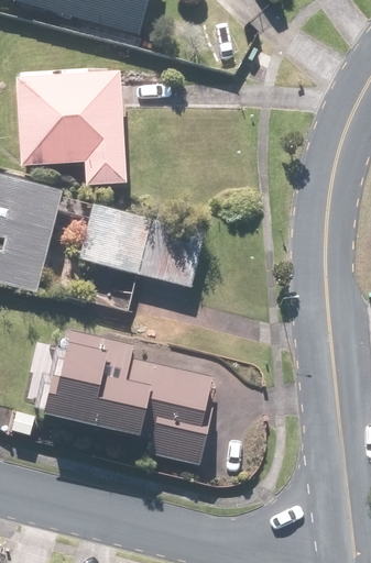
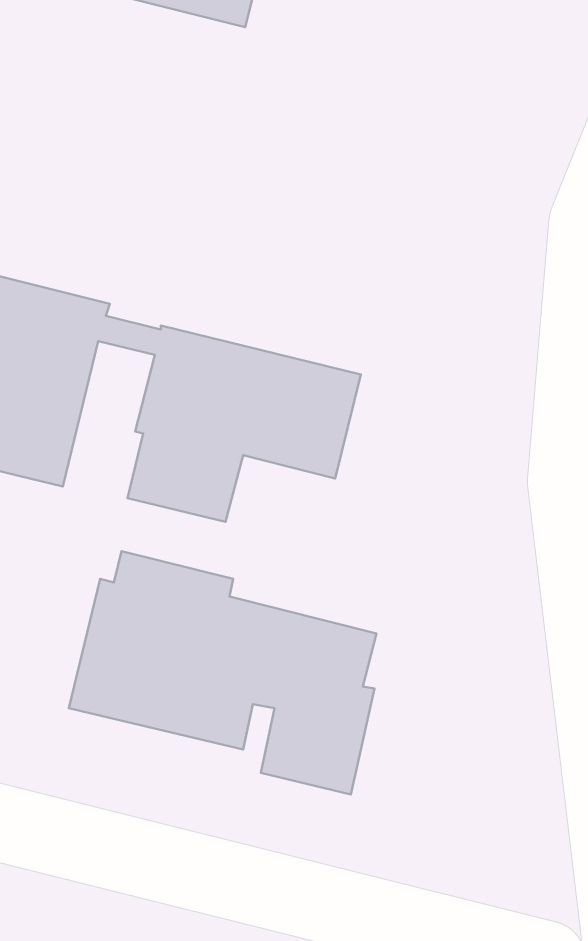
building: [14,73,127,185] -> none

